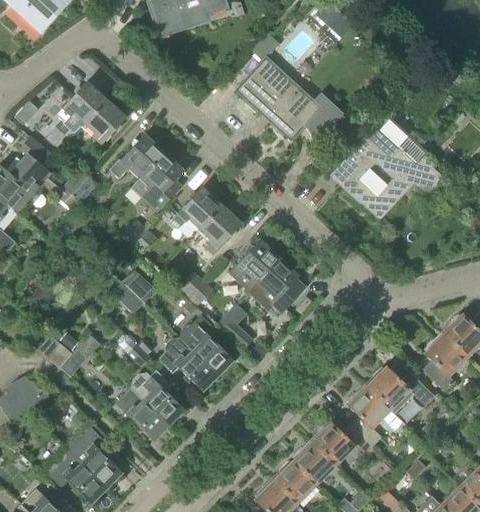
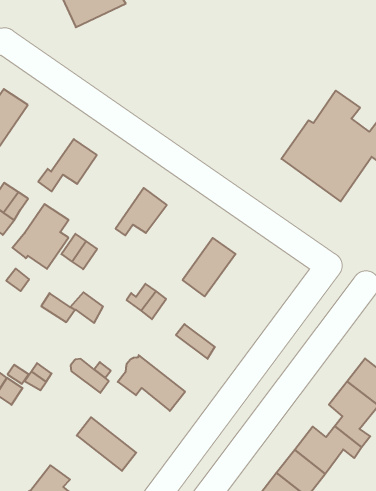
building: [237,59,339,138] -> none
building: [85,99,126,144] -> none
building: [130,152,184,211] -> [12,204,69,269]
building: [200,205,242,254] -> none
building: [246,257,304,312] -> none
building: [180,316,234,376] -> none
building: [130,371,183,426] -> none

